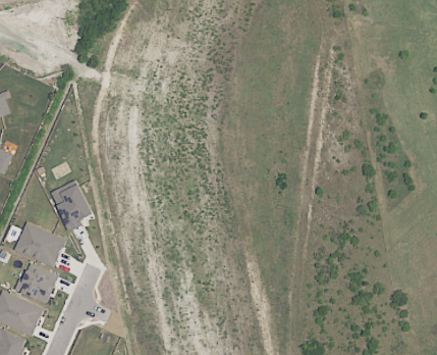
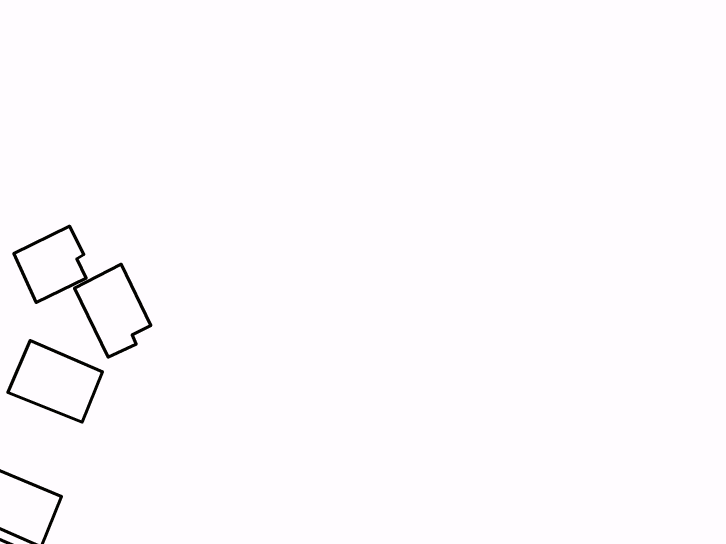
building: none -> [14,226,86,302]
building: [15,267,57,302] -> none

